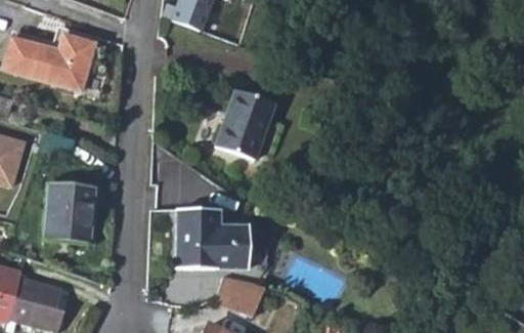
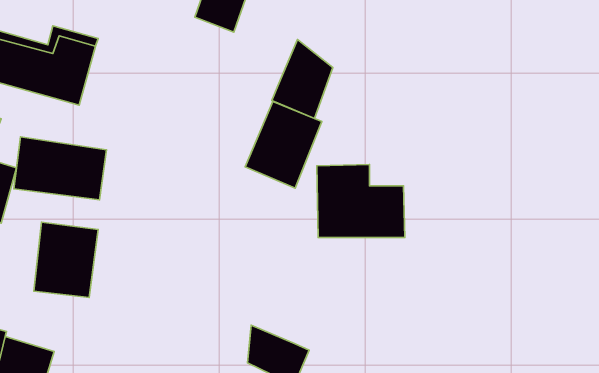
building: none -> [272,39,333,118]
building: none -> [14,137,107,200]
building: [176,205,248,264] -> [317,165,405,237]

